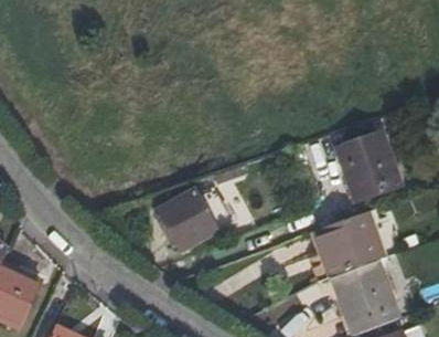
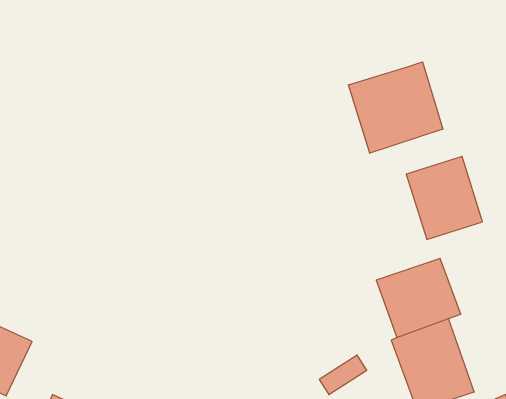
building: none -> [348,62,443,153]
building: [157,185,229,251] -> none

